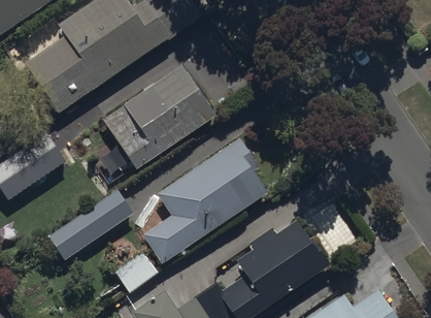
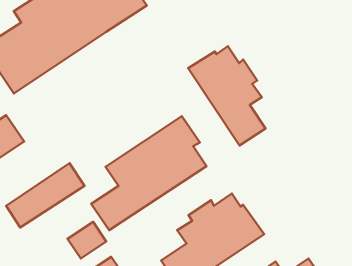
building: none -> [188,46,266,146]
building: [106,68,216,165] -> none

